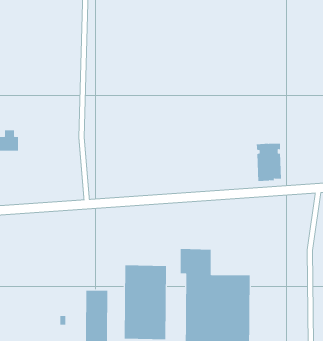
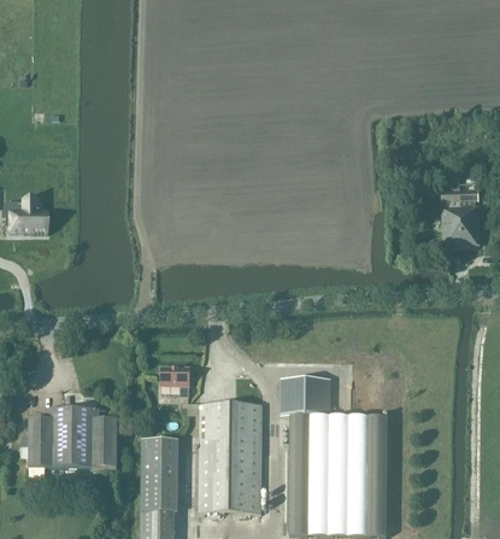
building: [256,143,282,182] -> [441,191,480,247]
building: none -> [161,365,189,396]
building: none -> [29,408,116,467]

